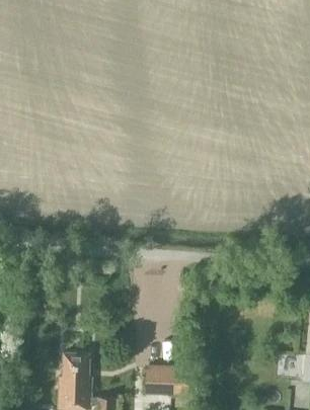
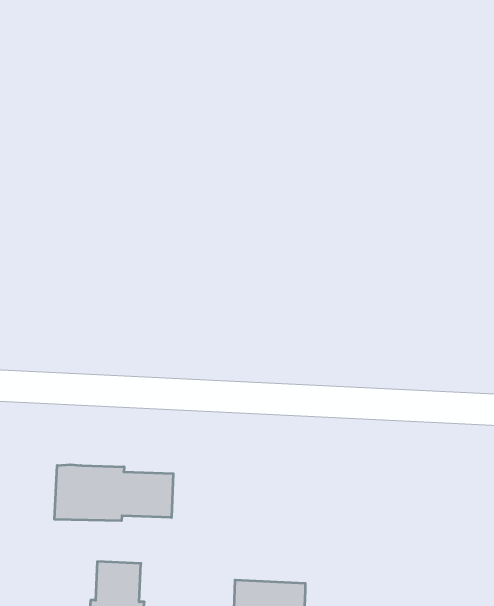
building: none -> [55,465,173,521]

